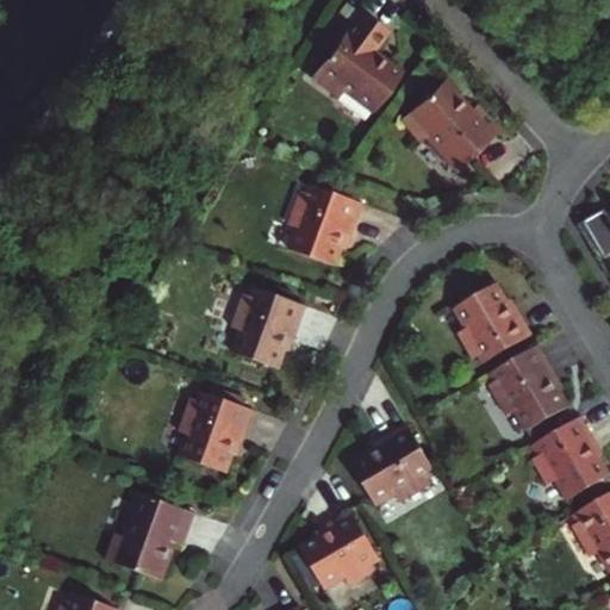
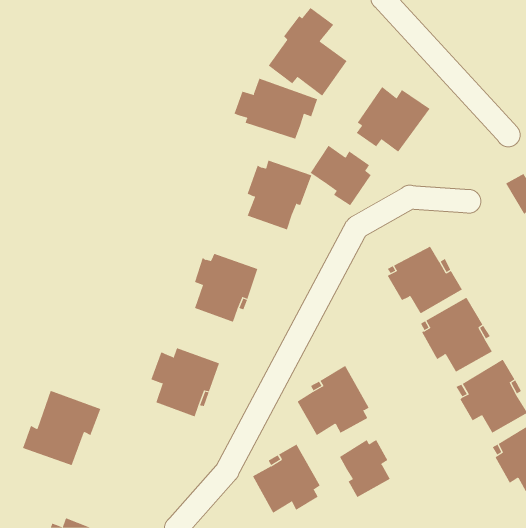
building: none -> [234,78,318,140]
building: none -> [310,145,372,206]
building: [107,499,198,586] -> [22,390,101,466]
building: none -> [339,439,390,498]

